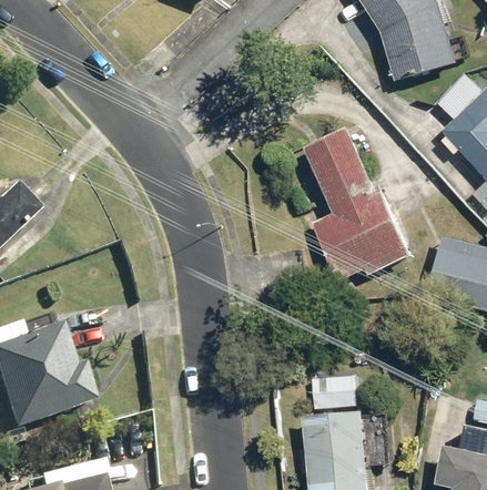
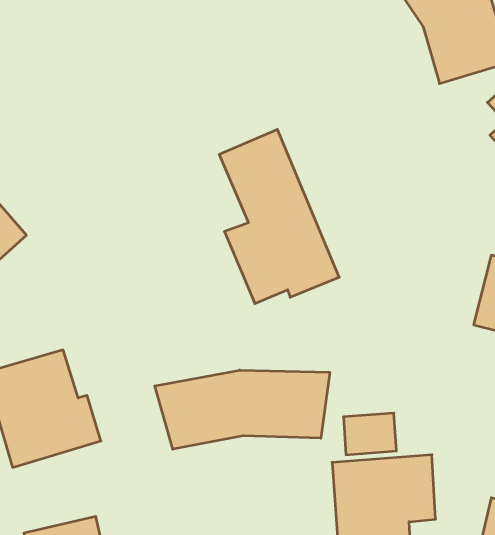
building: [304,130,409,283] -> [219,129,339,304]
building: none -> [155,370,330,449]

